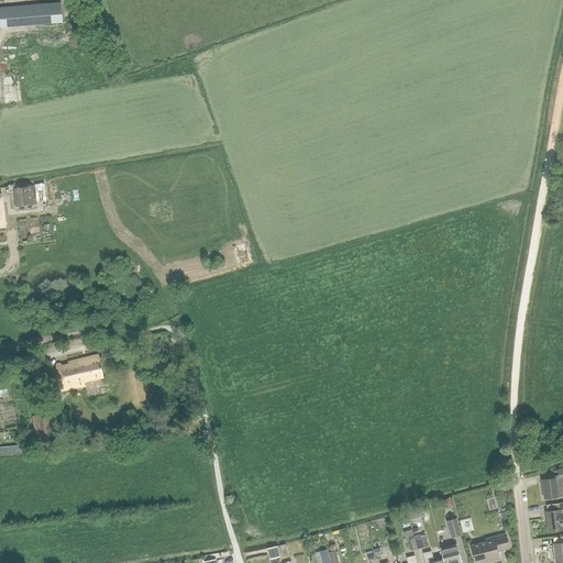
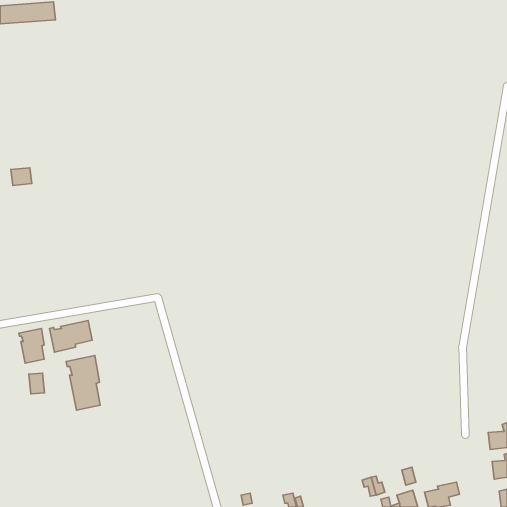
building: none -> [19,328,44,363]
building: none -> [66,355,100,410]

